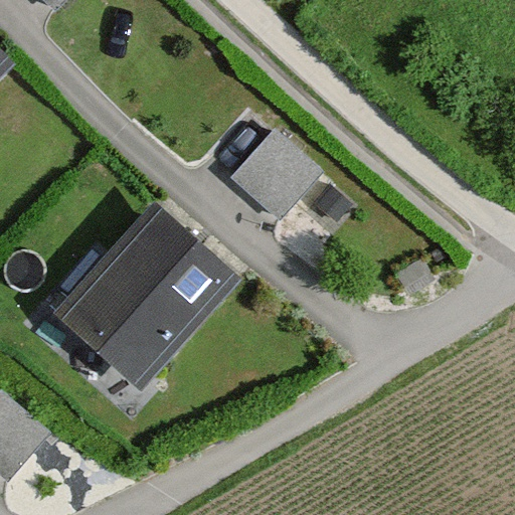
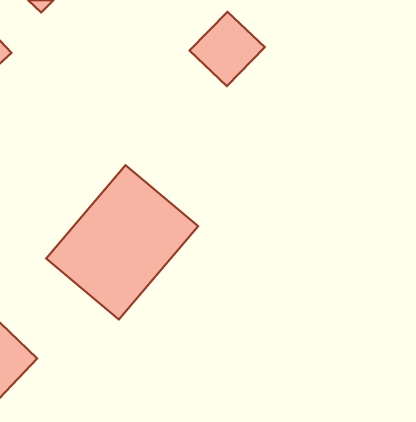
building: [225,133,317,223] -> [190,12,265,86]

